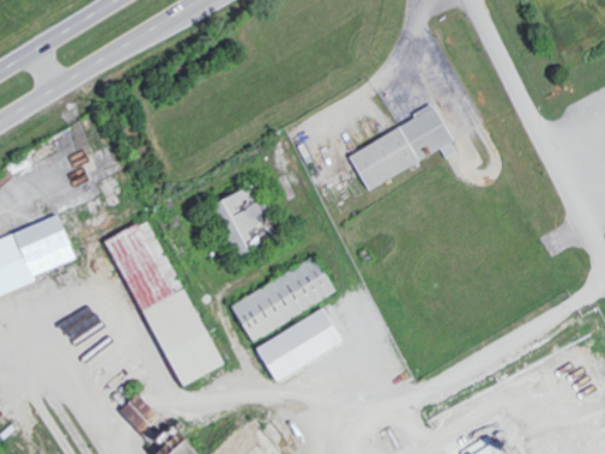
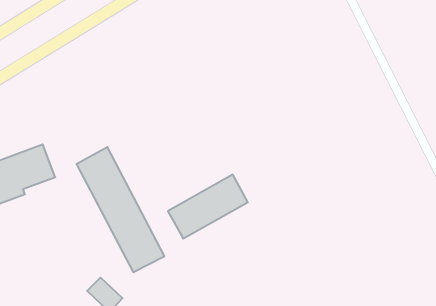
building: [347,107,452,189] -> none
building: [213,184,268,255] -> none
building: [255,308,344,382] -> none

